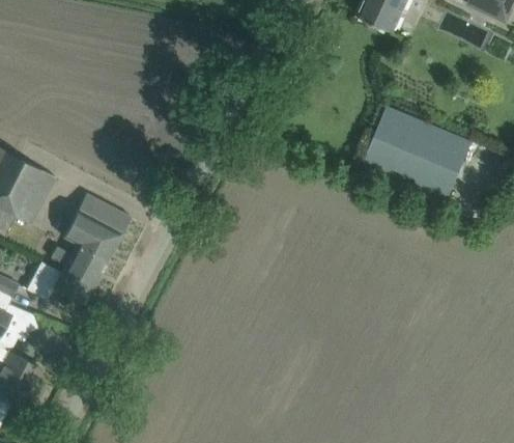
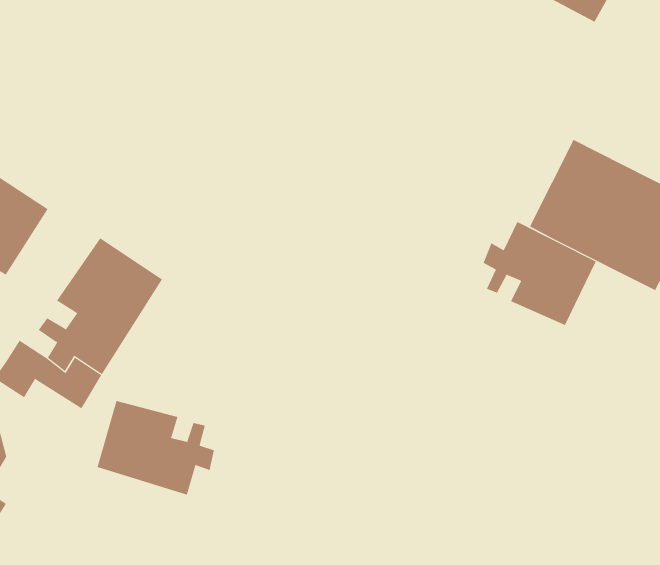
building: none -> [483,221,596,326]
building: none -> [97,400,214,495]

